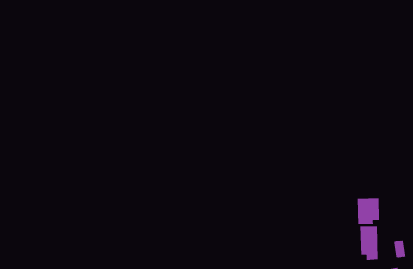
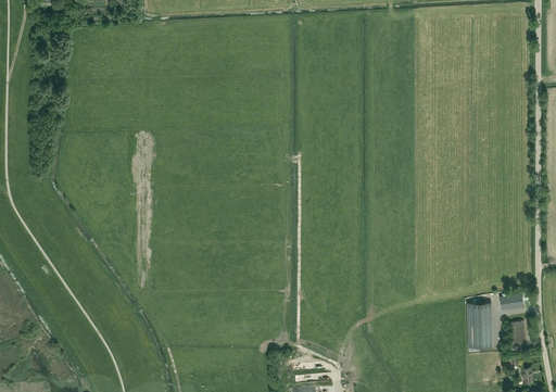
building: [357,197,380,225] -> none

